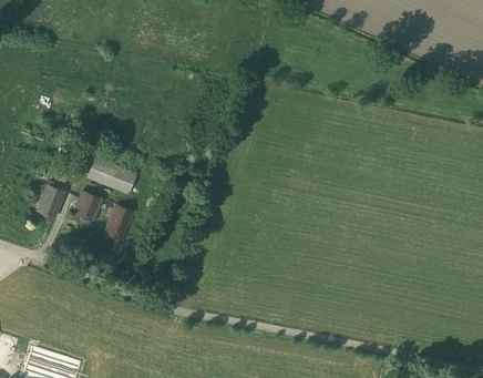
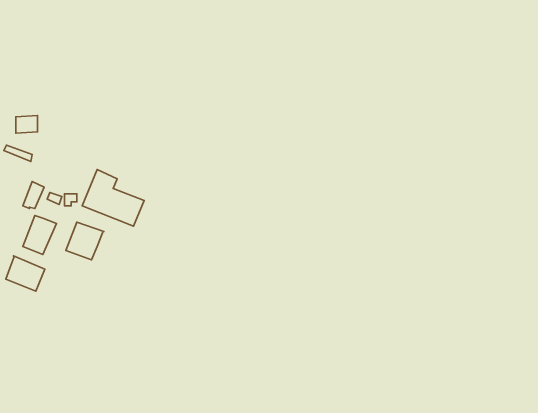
building: [103,203,134,241] -> none
building: none -> [6,256,45,291]

